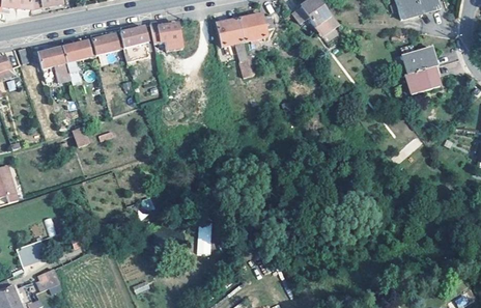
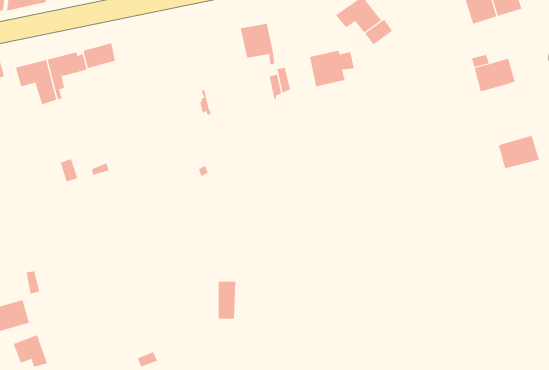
building: [237,13,274,43] -> [309,50,355,87]
building: [148,23,180,44] -> none
building: [118,27,148,61] -> none
building: [404,66,437,93] -> [498,135,540,169]

